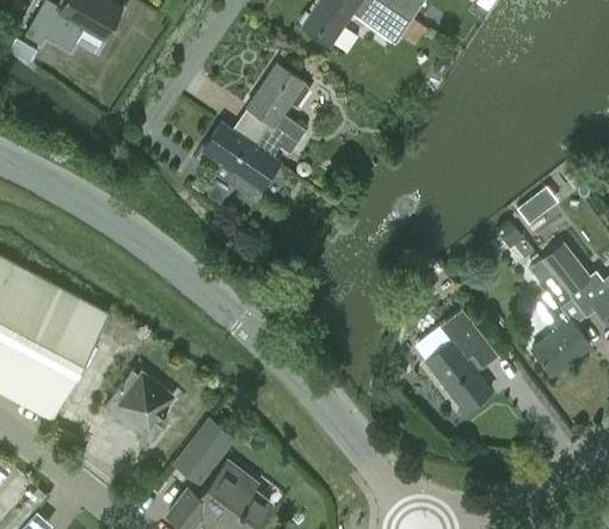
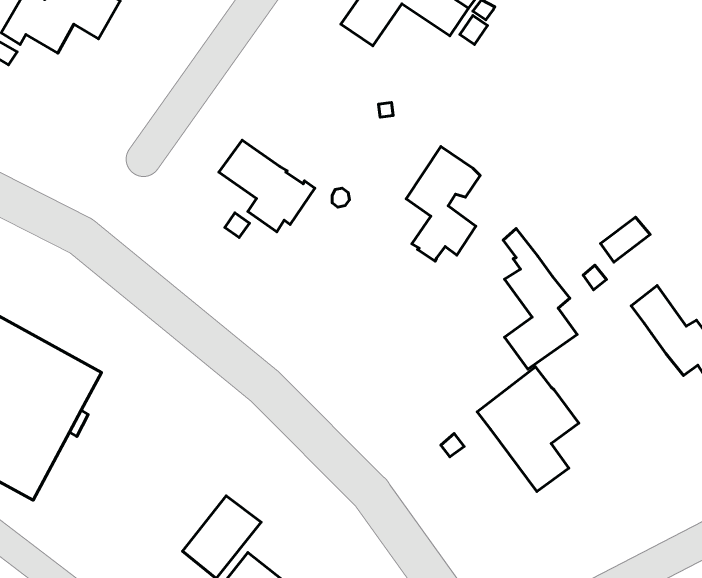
building: [248,64,309,159] -> [406,146,480,261]
building: [530,259,591,375] -> [503,228,577,369]
building: [105,370,173,441] -> none

